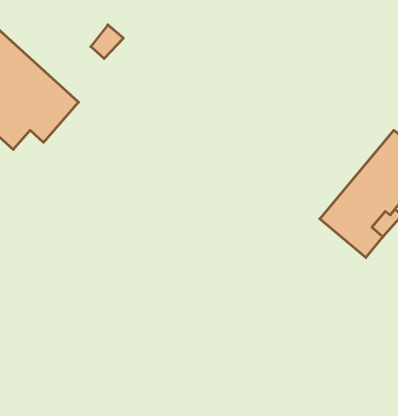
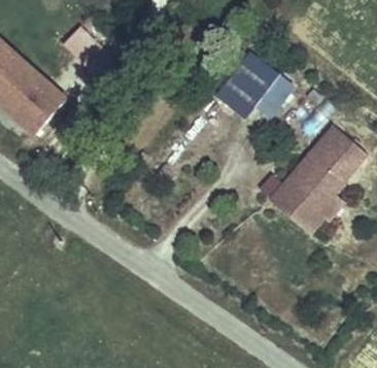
building: none -> [218,46,294,121]

